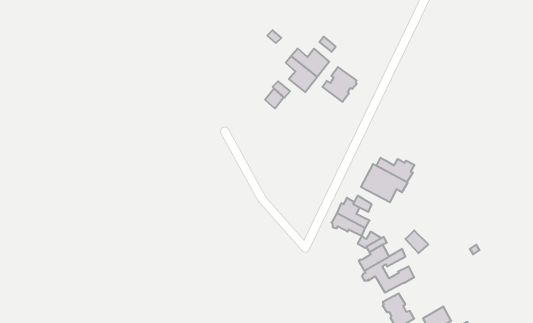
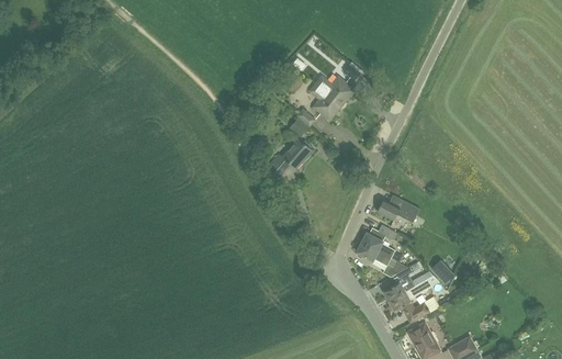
building: [322,67,357,102] -> none
building: none -> [268,137,311,175]
building: [376,158,414,182] -> none

